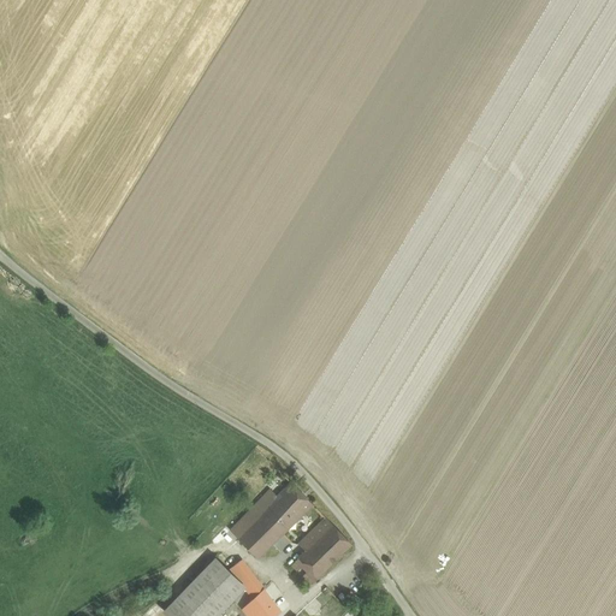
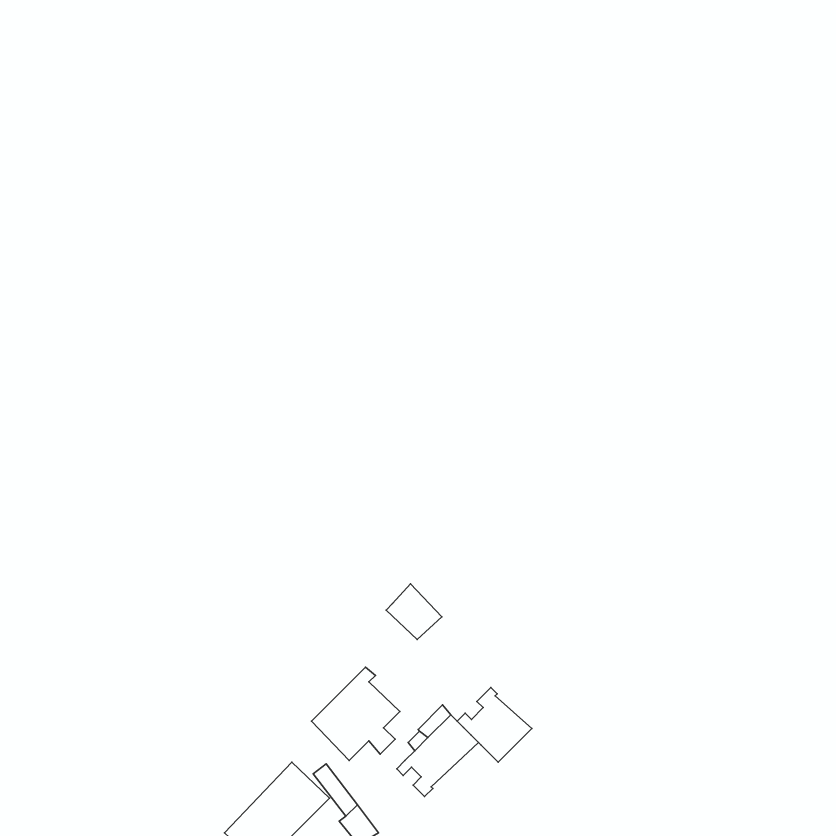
building: [271,482,312,523] -> [386,584,442,640]
building: none -> [457,688,532,762]

